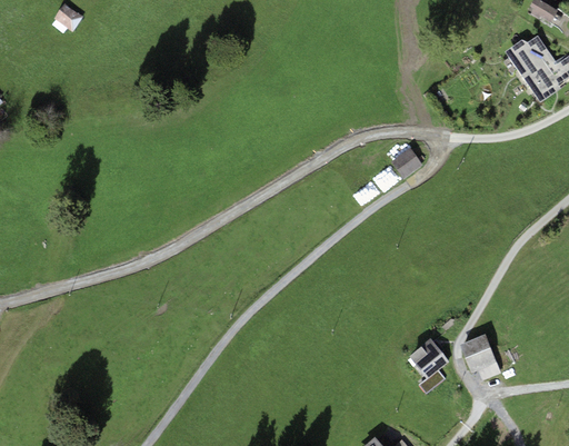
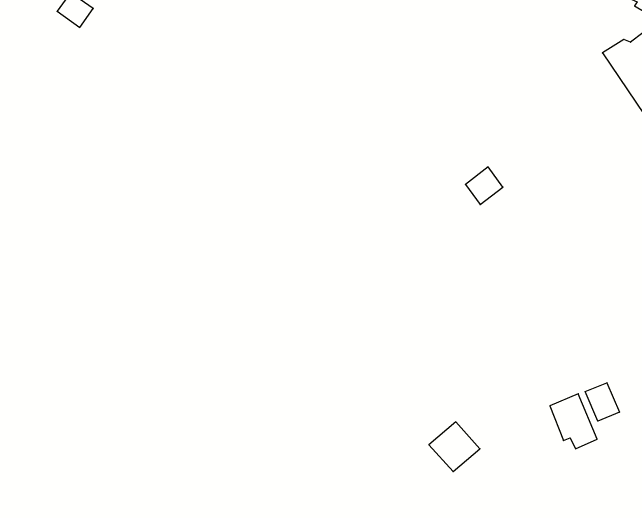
building: none -> [585,383,619,421]
building: [408,338,450,379] -> [429,422,480,472]

